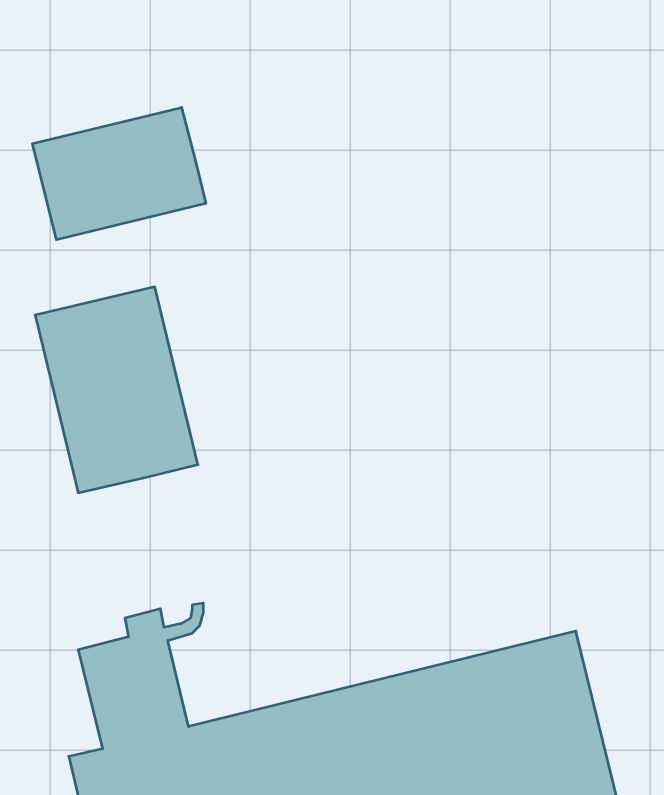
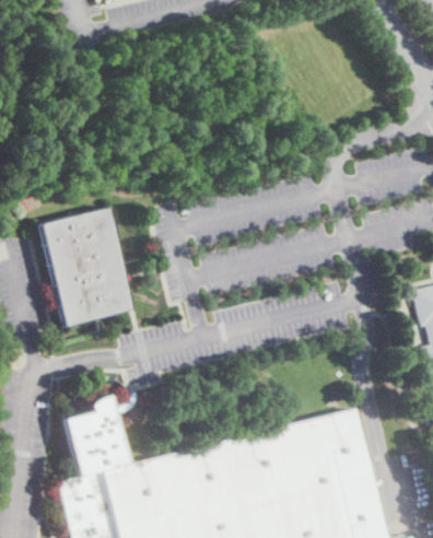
building: [32,107,206,240] -> none

